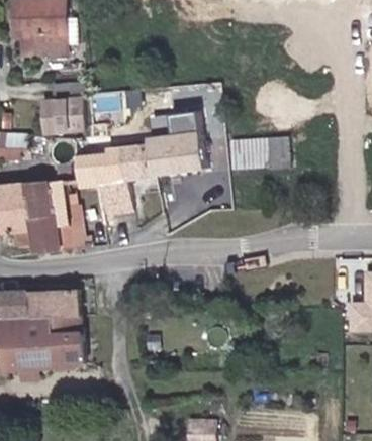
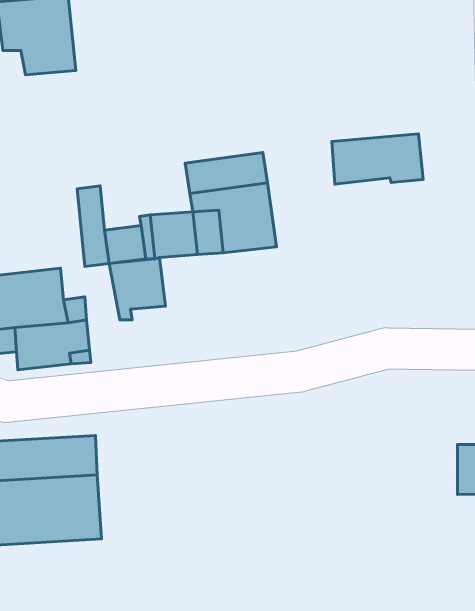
building: [34,87,84,131] -> none
building: [234,135,294,169] -> [332,134,423,184]

